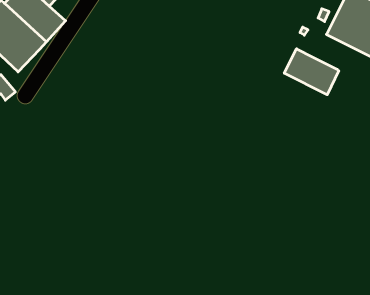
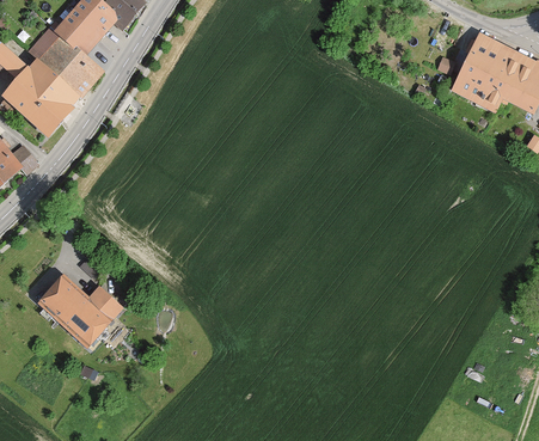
building: [284,49,339,95] -> none
building: none -> [37,267,125,359]

